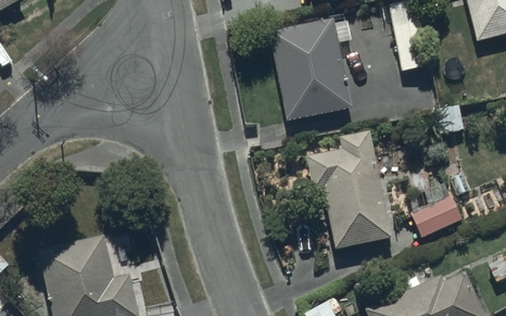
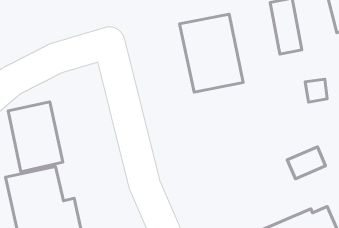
building: [306,135,392,254] -> none
building: none -> [8,102,63,172]

